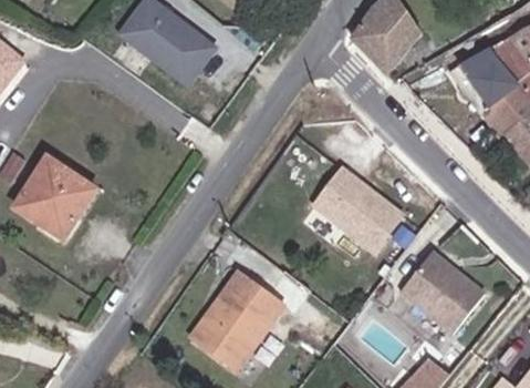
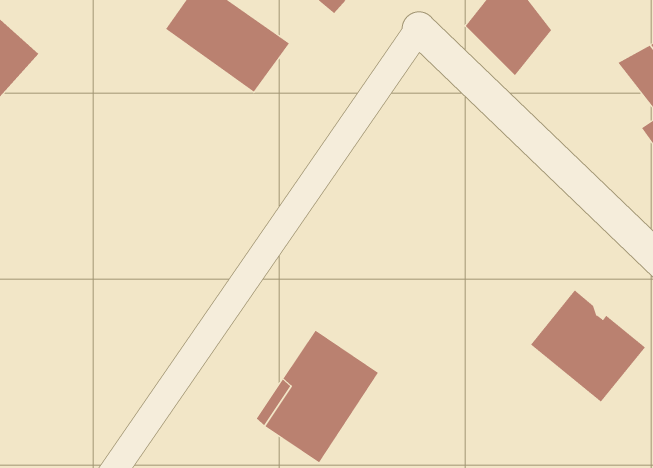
building: [318,160,406,243] -> none
building: [17,165,93,241] -> none

